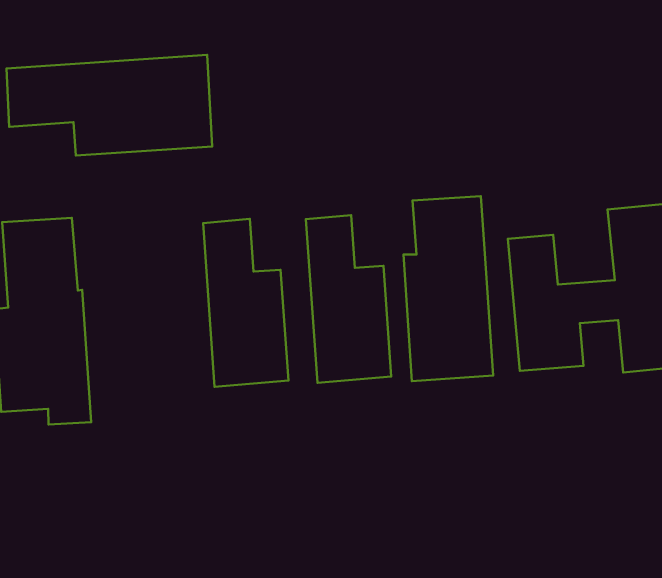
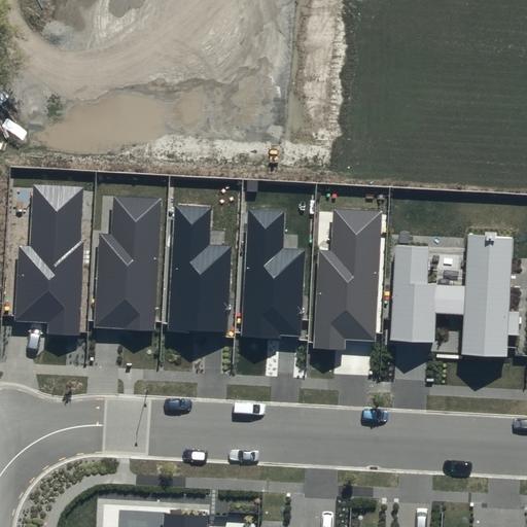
building: [6,55,212,156] -> none
building: none -> [96,199,162,330]

